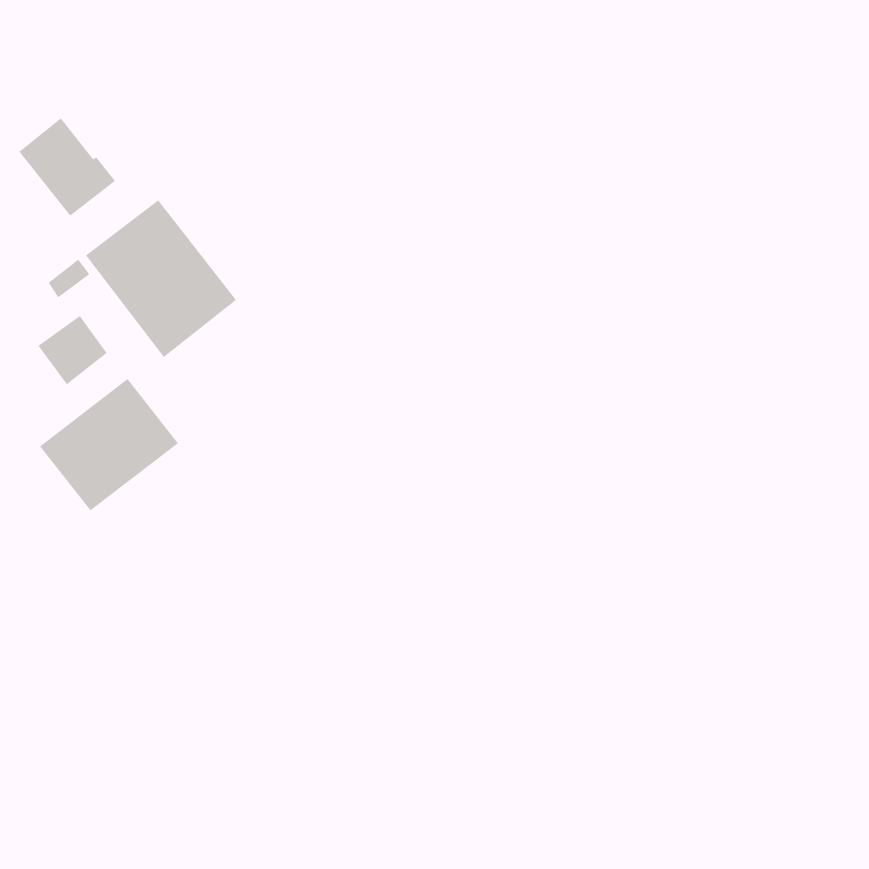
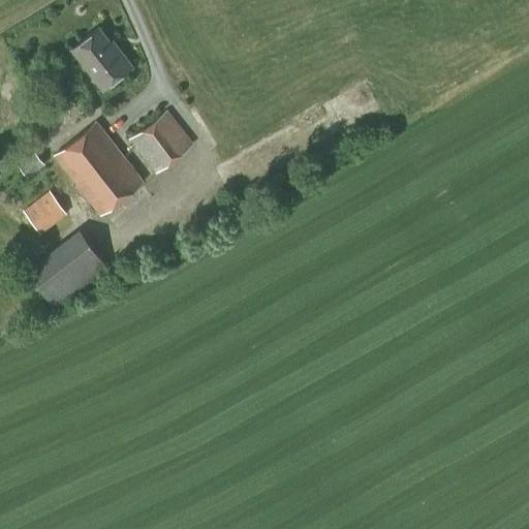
building: [19,118,116,216] -> [72,30,131,90]
building: none -> [129,111,194,175]

